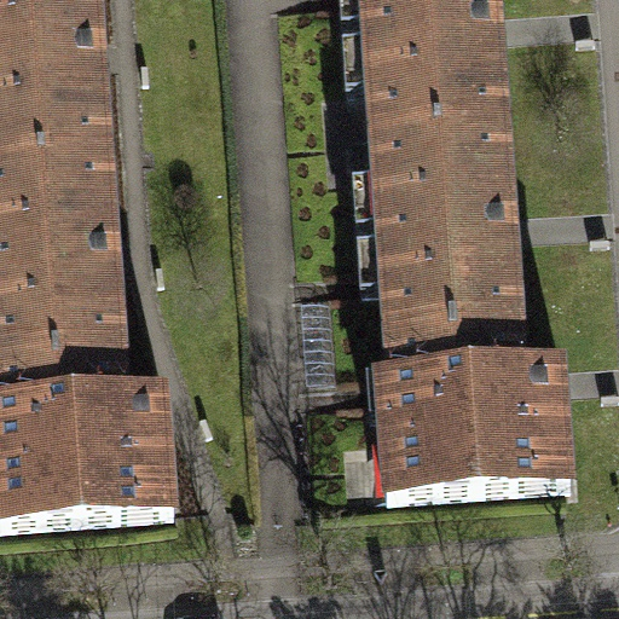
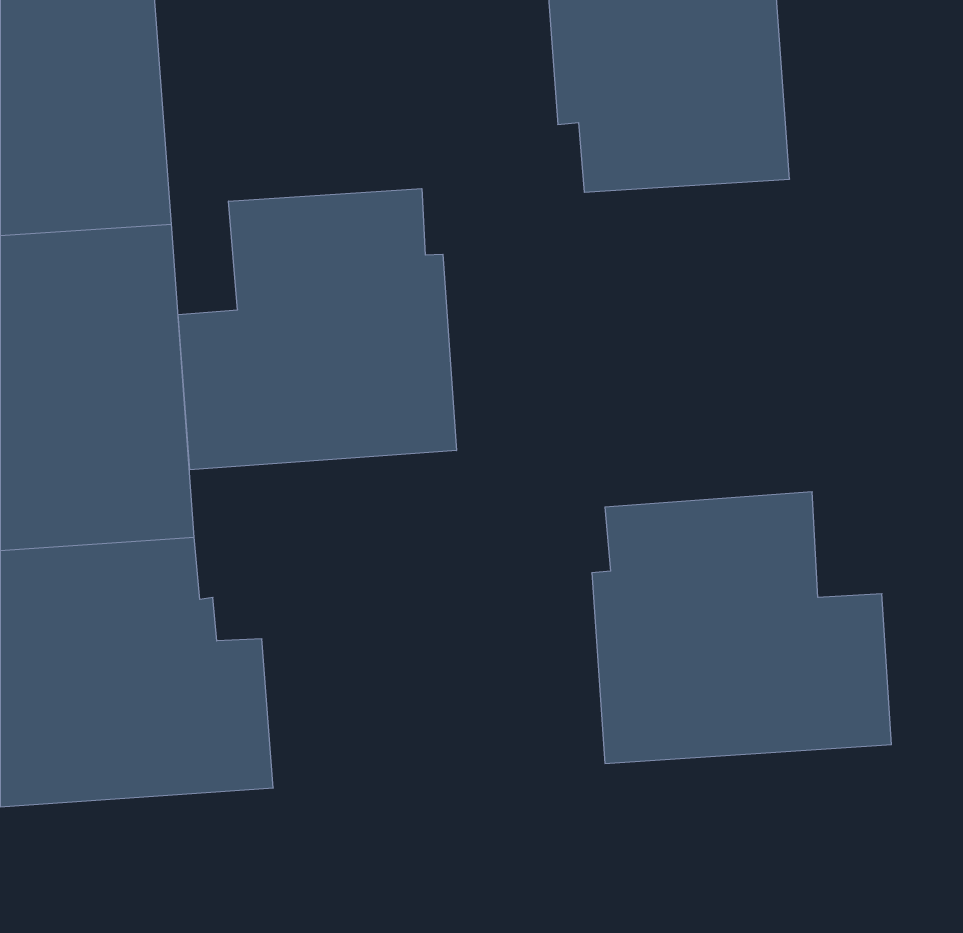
building: [365,115,521,325] -> none
building: none -> [178,189,456,470]

